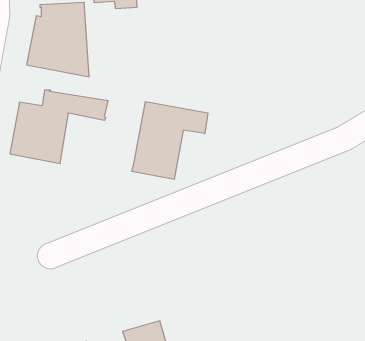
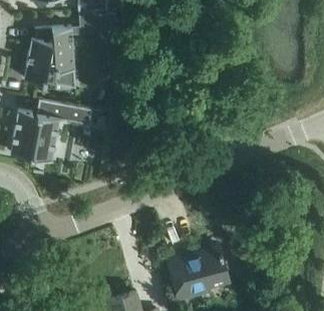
building: [132,102,208,179] -> none
building: none -> [168,246,229,299]

